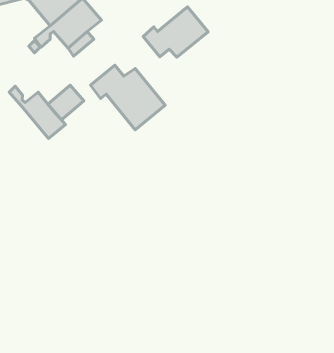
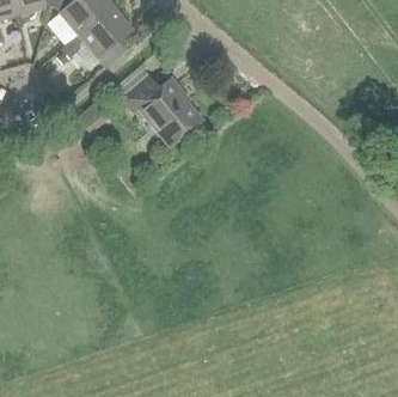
building: [143,7,208,57] -> none
building: [9,86,66,139] -> none

